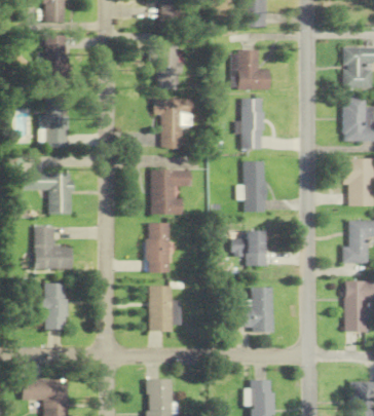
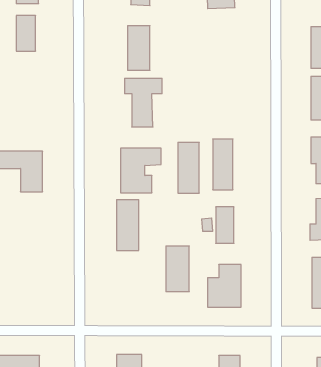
building: [239,49,270,90] -> none
building: [242,99,264,150] -> [178,142,199,193]
building: [40,101,68,146] -> none
building: [35,226,73,269] -> none
building: [44,283,67,329] -> none
building: [149,286,173,332] -> [166,246,189,292]

